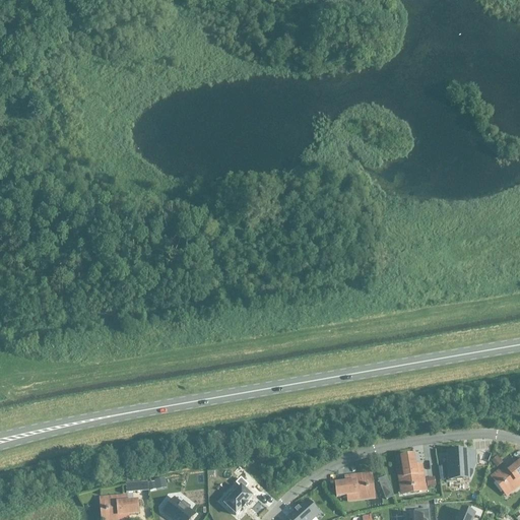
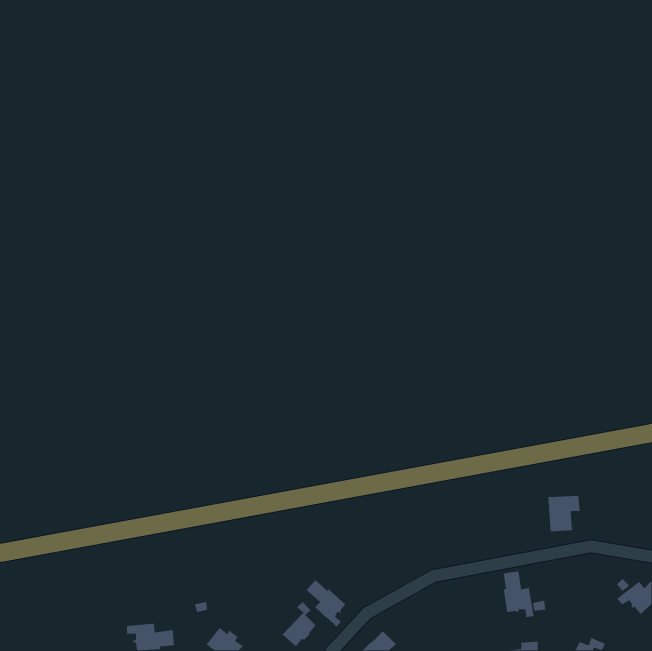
building: [448,451,474,480] -> [547,495,581,532]
building: none -> [305,579,346,628]
building: [334,473,372,498] -> none

